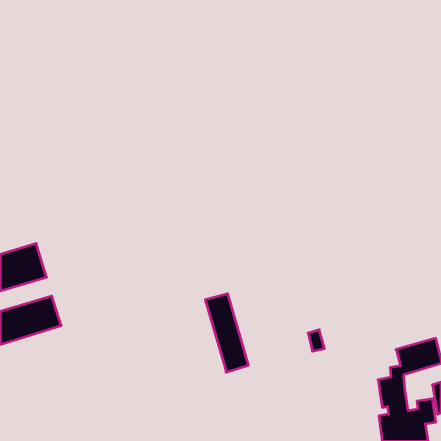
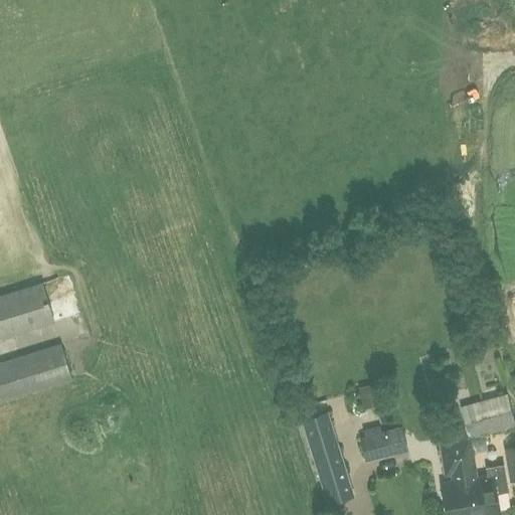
building: [205,294,248,372] -> [304,414,354,506]
building: none -> [362,431,408,462]

